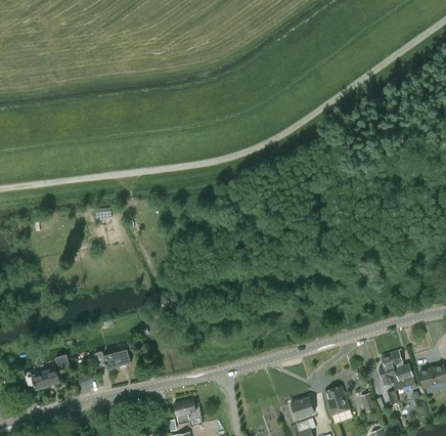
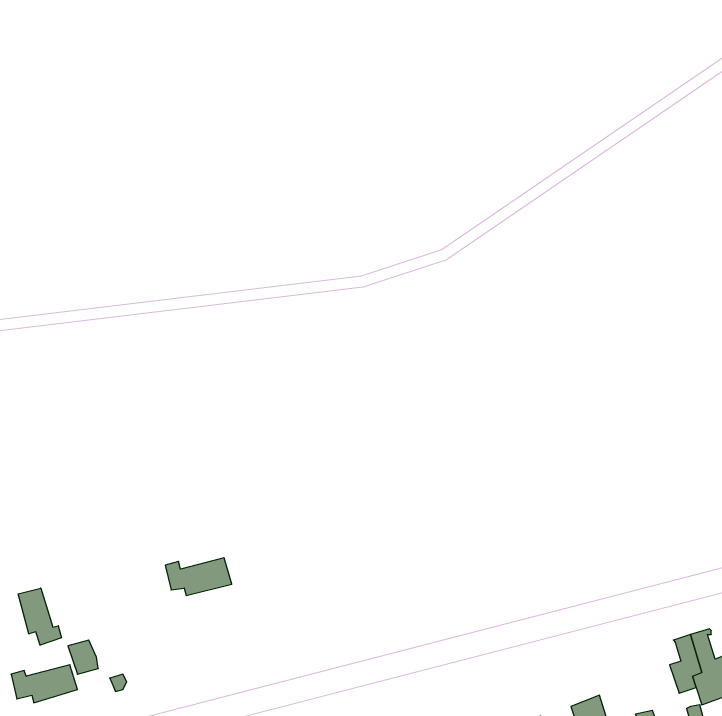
building: none -> [18,588,62,645]
building: [95,349,131,369] -> [165,558,232,596]

